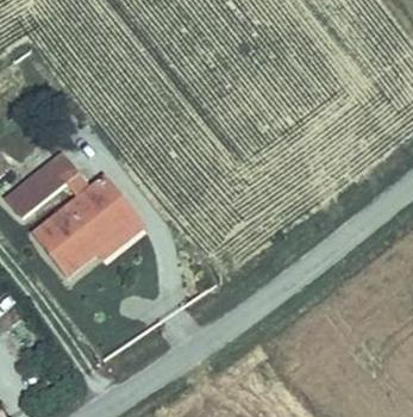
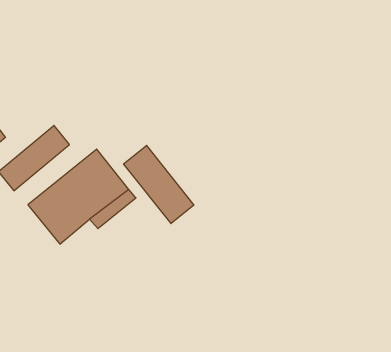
building: none -> [124,145,194,224]

